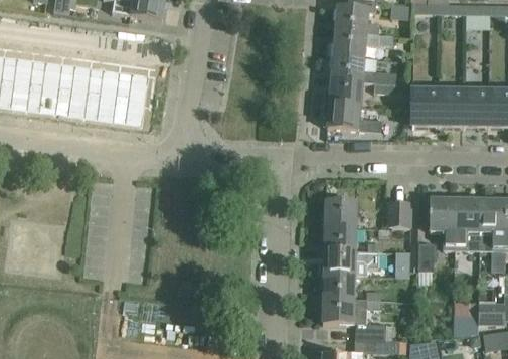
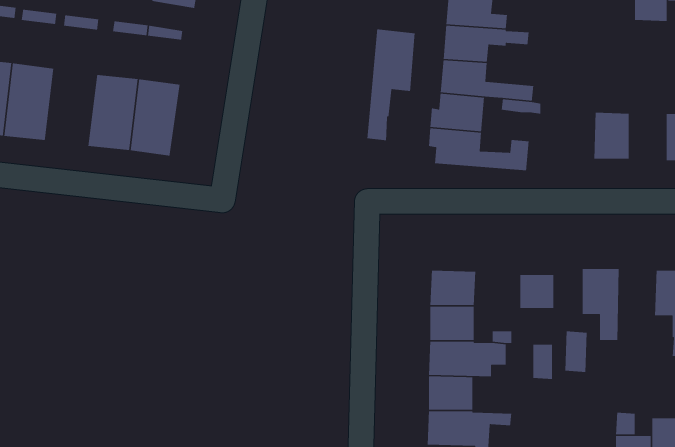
building: none -> [366,28,416,141]
building: [57,61,93,116] -> none
building: [412,92,439,125] -> none
building: [463,93,488,126] -> none
building: [455,200,481,251] -> none

